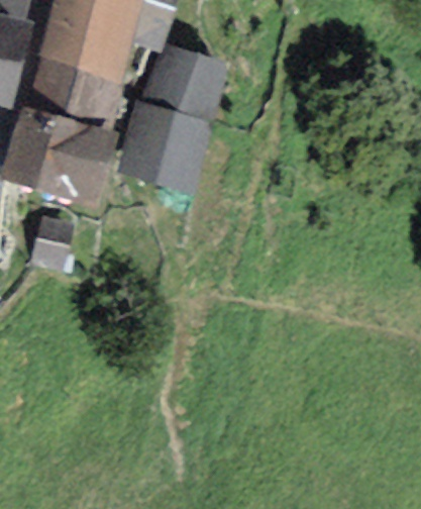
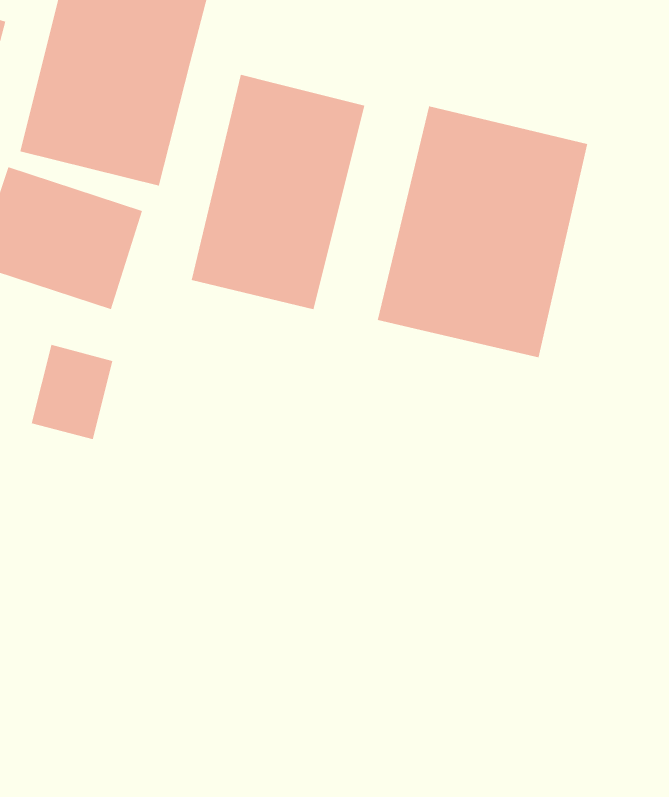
building: none -> [377,105,588,358]

